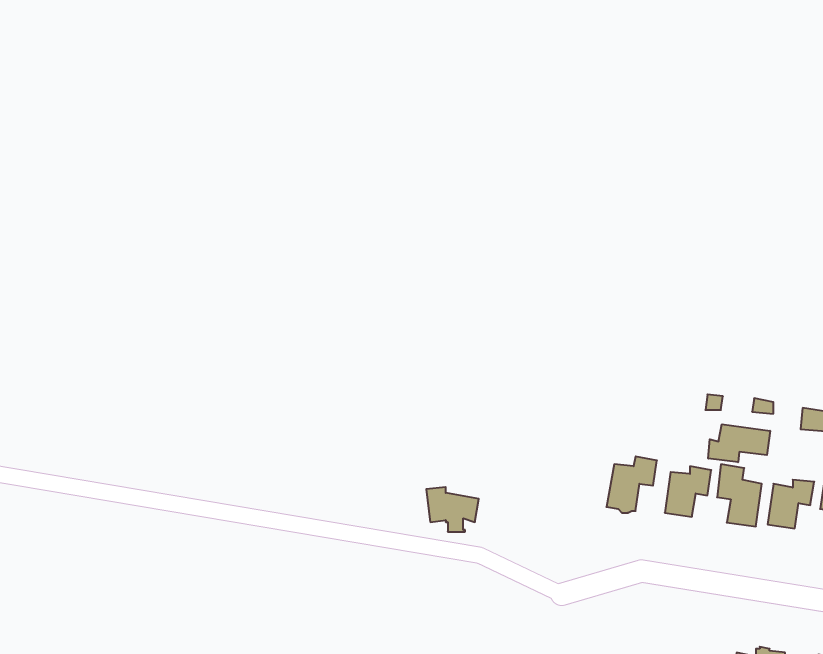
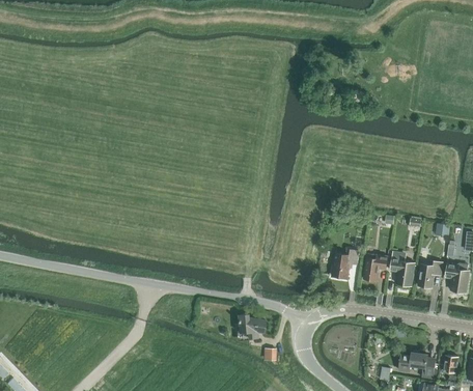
building: [708,424,770,462] -> none
building: [426,487,479,532] -> [238,314,266,338]

